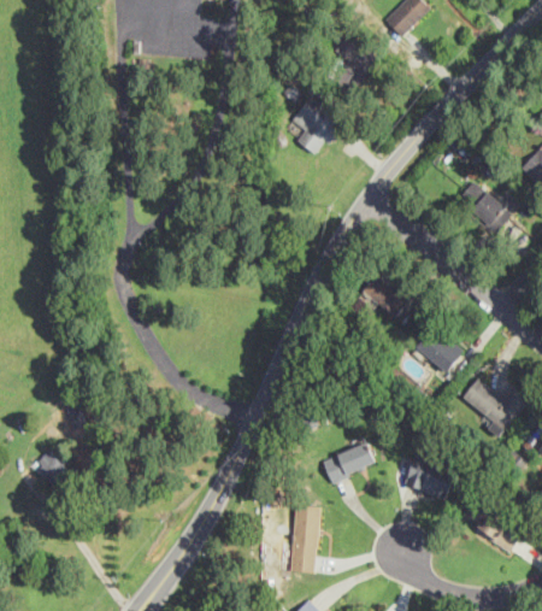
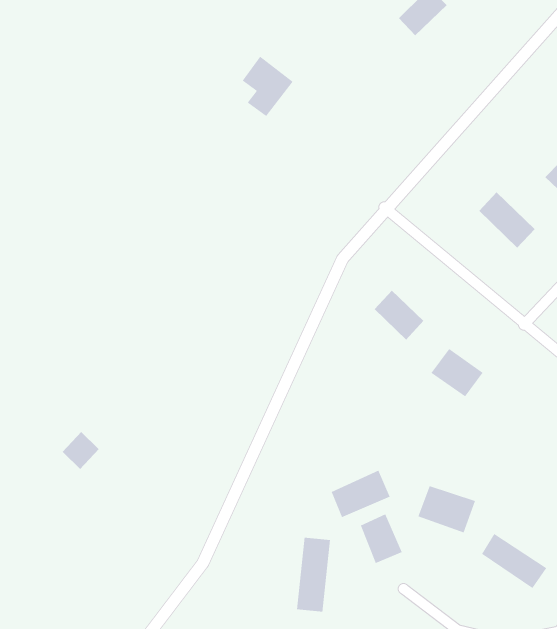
building: [291,98,340,154] -> [242,56,294,117]
building: [460,380,526,434] -> none
building: [33,450,67,486] -> [62,431,99,470]
building: none -> [360,514,402,564]

